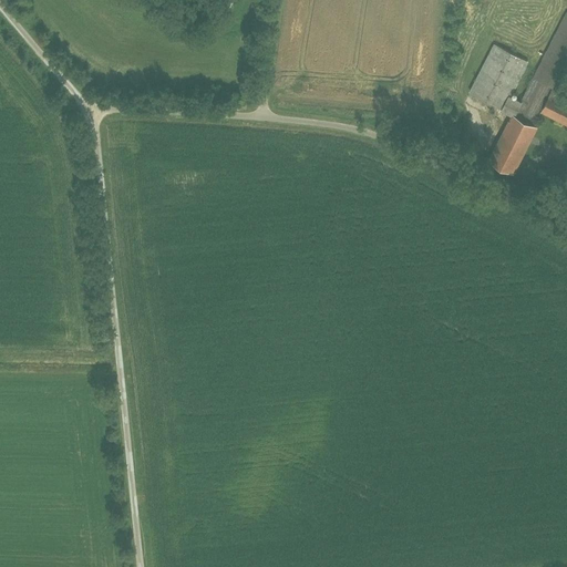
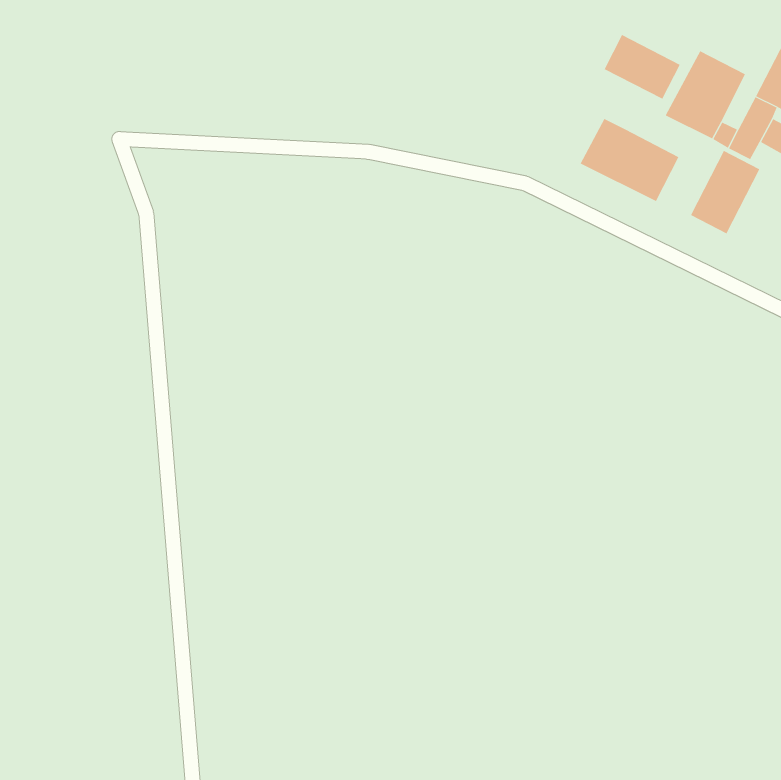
building: none -> [604,34,680,100]
building: none -> [580,118,679,202]

